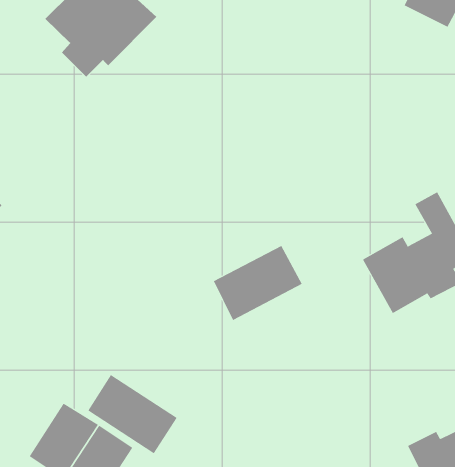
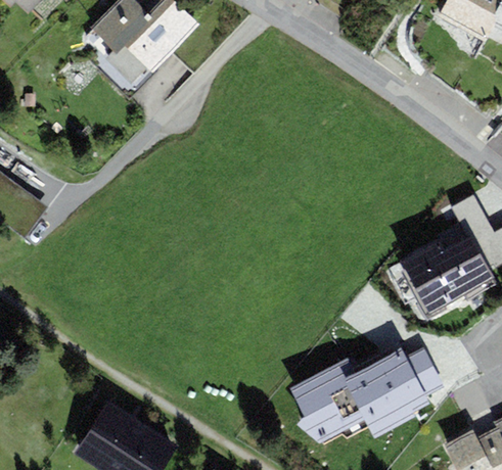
building: [213,245,302,321] -> none
building: none -> [289,345,445,444]
building: [88,374,177,454] -> none

